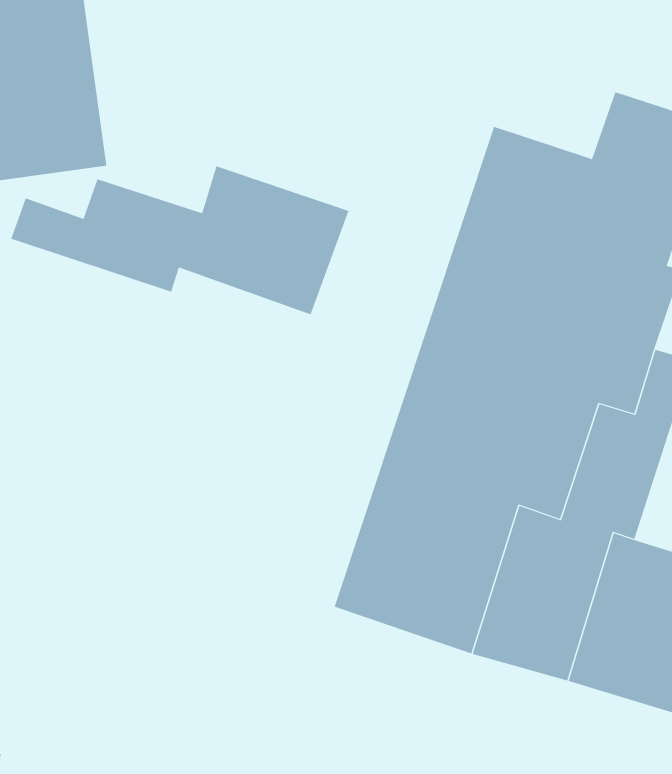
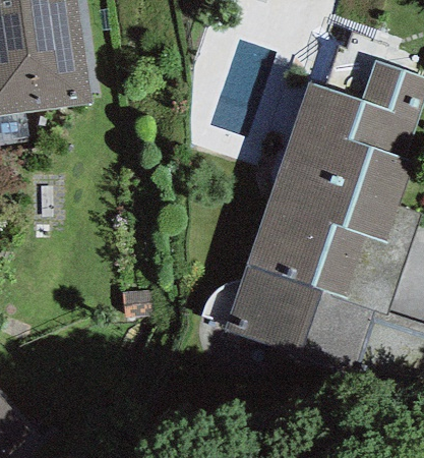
building: [10,165,349,315] -> none

